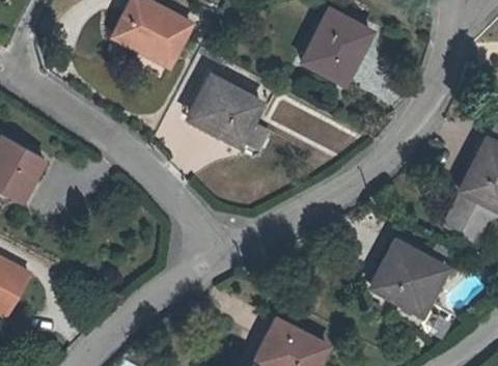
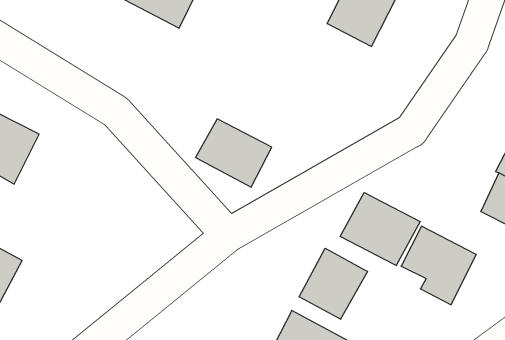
building: [192,80,261,142] -> [196,119,272,187]
building: none -> [340,193,420,266]
building: none -> [299,248,368,319]

